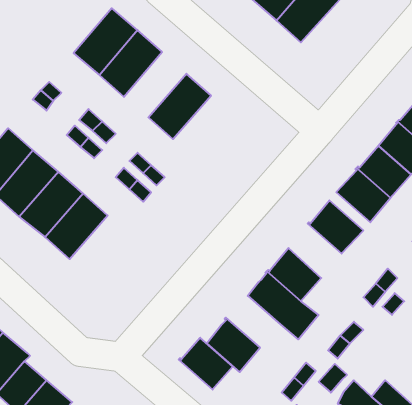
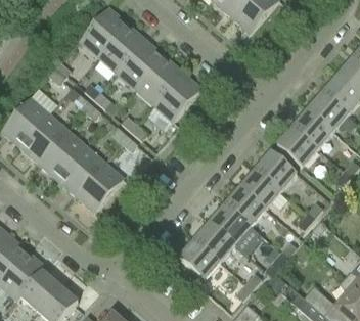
building: none -> [117,40,164,89]
building: none -> [153,73,201,122]
building: none -> [76,163,124,212]
building: none -> [240,169,280,210]
building: [179,338,233,390] -> [193,223,234,262]

